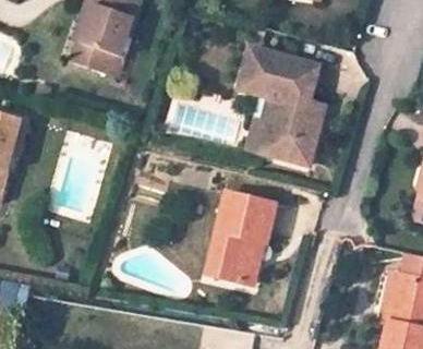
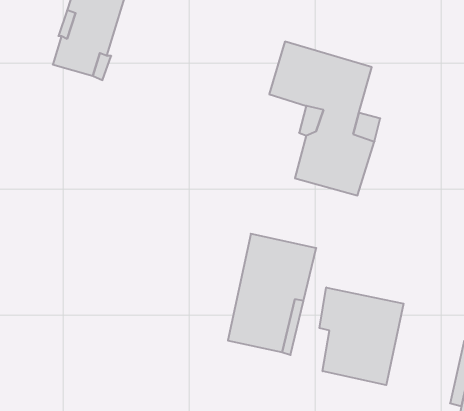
building: none -> [319,287,404,385]

